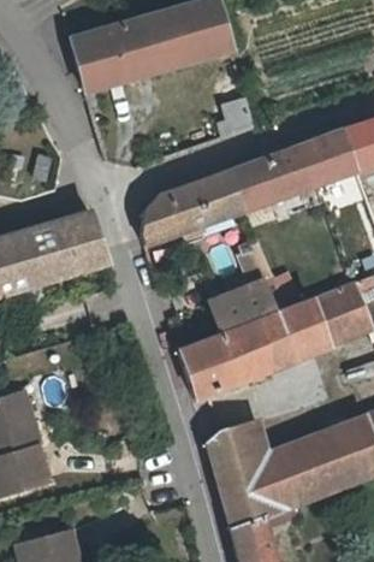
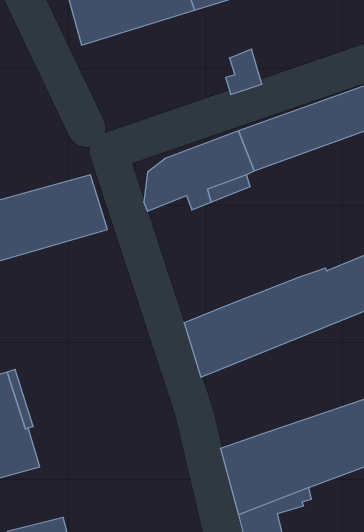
building: [209,241,286,332] -> none
building: [208,422,255,466] -> none

